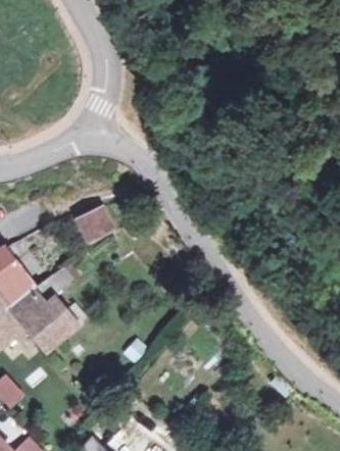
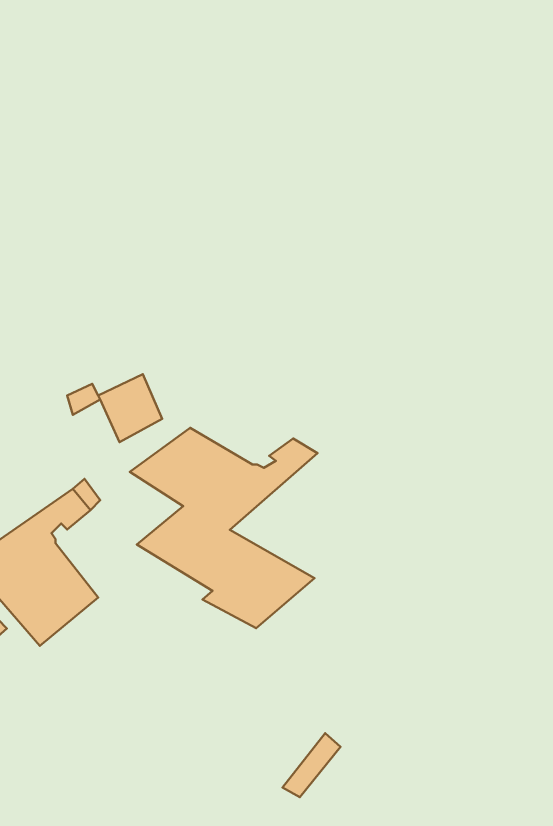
building: none -> [130,428,318,628]

